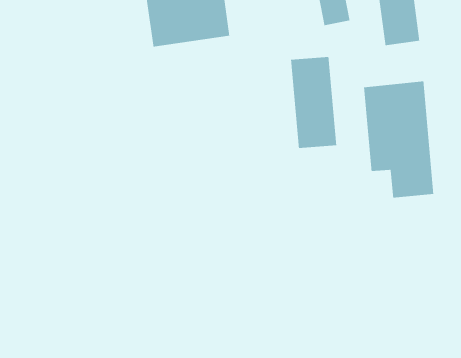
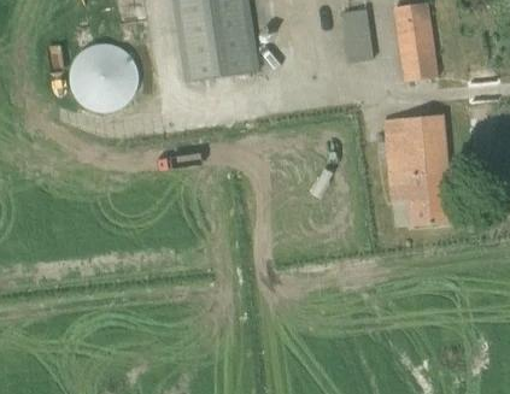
building: none -> [70,43,139,113]
building: [290,56,337,149] -> none

